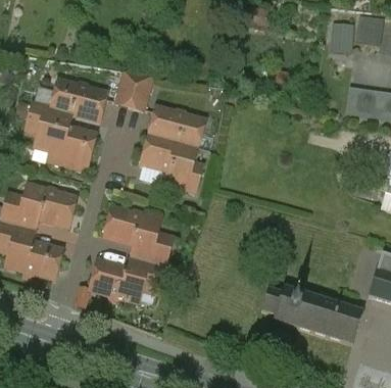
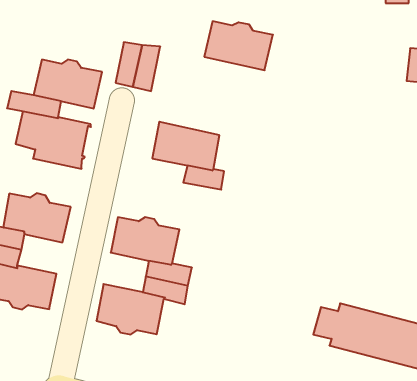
building: [148,106,203,147] -> [204,21,273,70]

